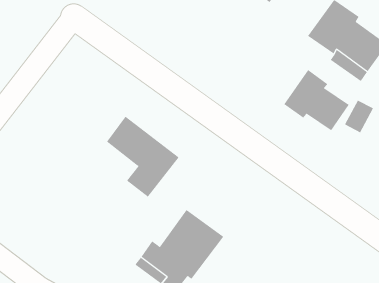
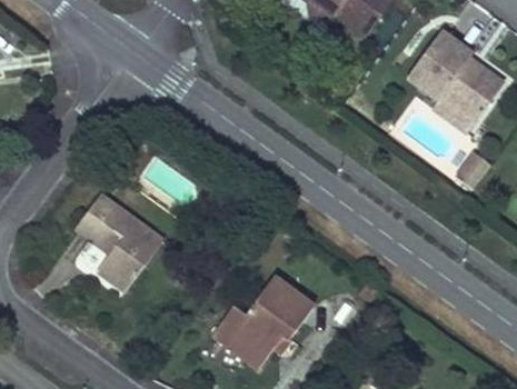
building: [284,69,350,131] -> none
building: [106,116,180,198] -> [73,194,159,290]

